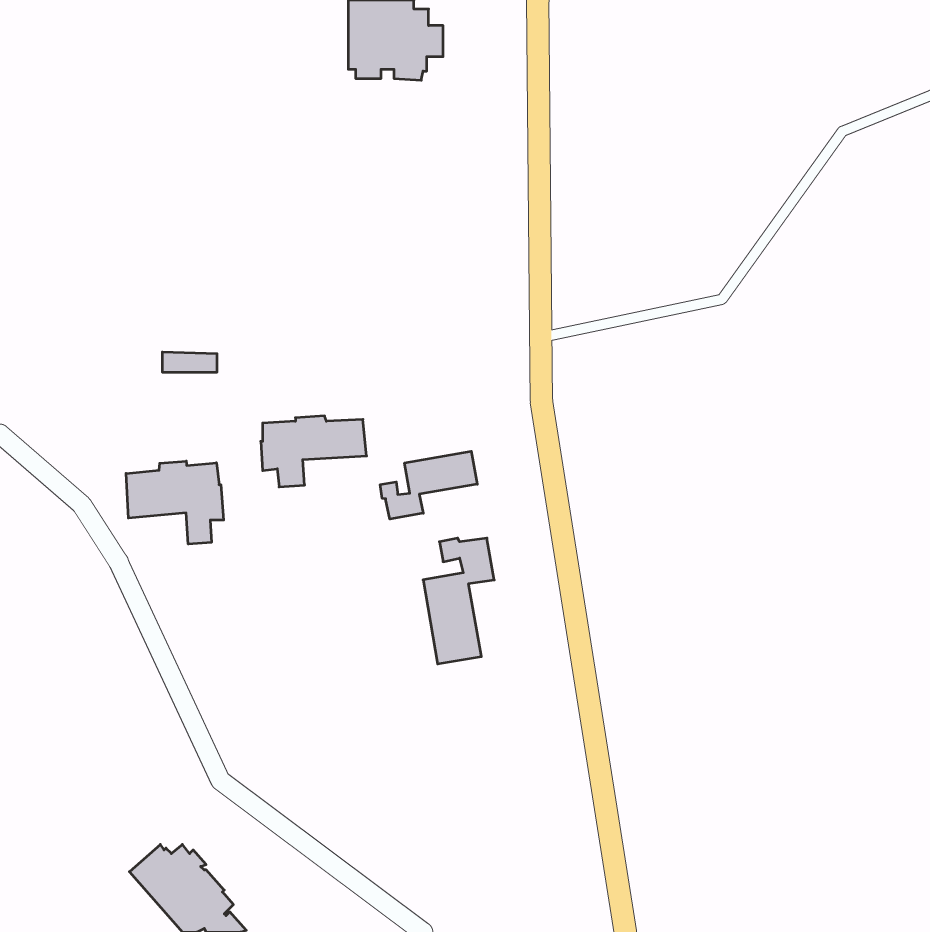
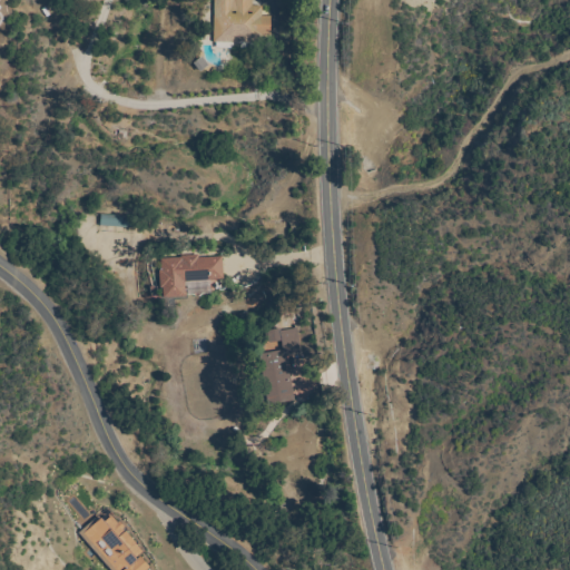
building: [380,451,477,519] -> none
building: [126,461,224,544] -> none

